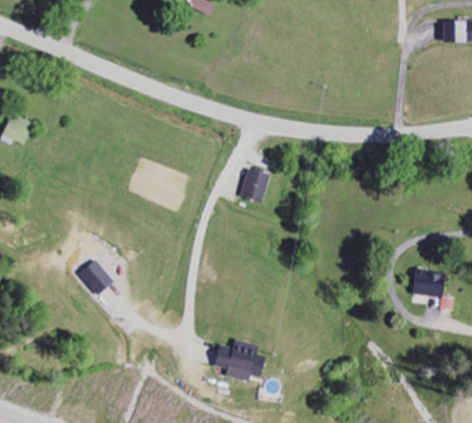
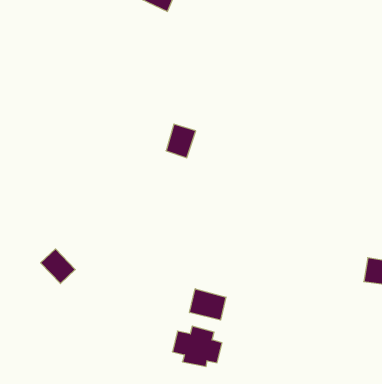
building: [240,168,271,202] -> [166,124,196,158]
building: none -> [190,289,226,320]

